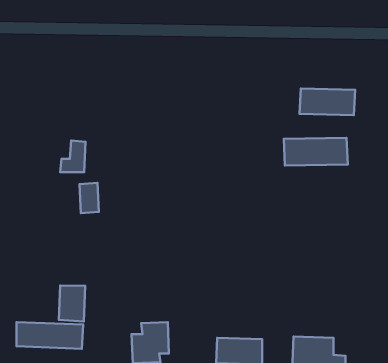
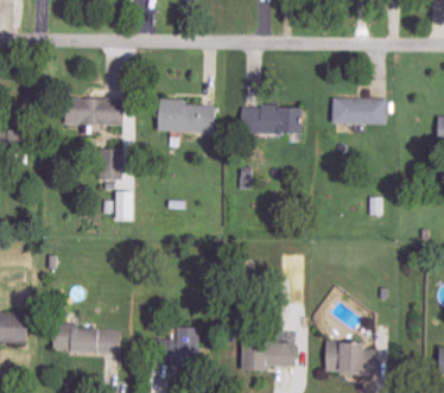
building: none -> [65,97,125,125]
building: none -> [159,97,216,133]
building: [284,138,348,166] -> [241,106,304,133]
building: [59,285,85,321] -> none

